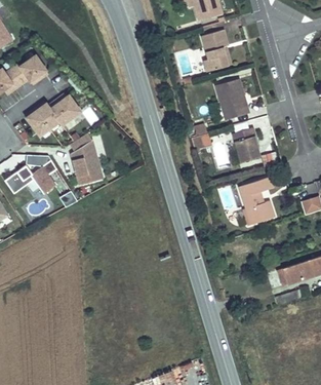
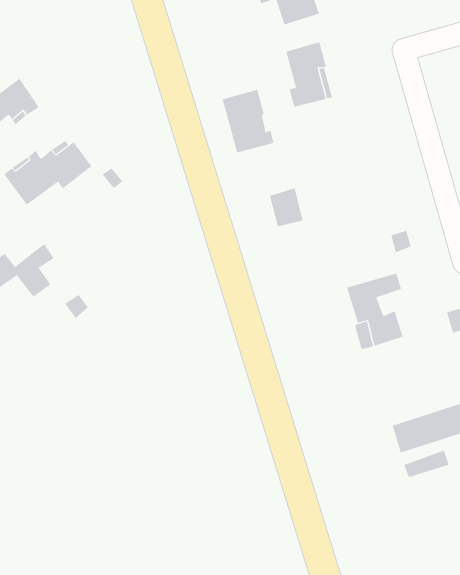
building: [215,81,248,121] -> [222,89,274,153]
building: [233,128,258,162] -> none
building: [69,131,103,183] -> none

